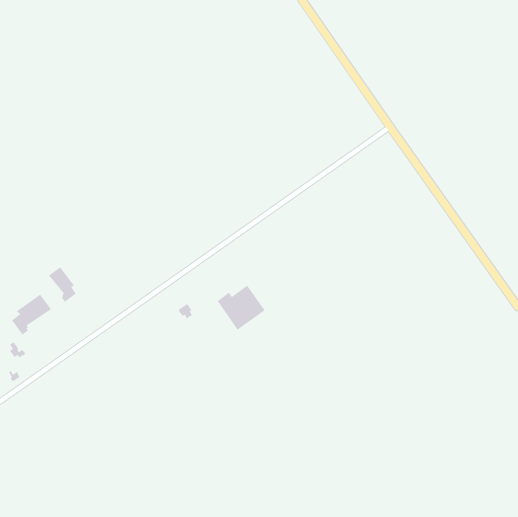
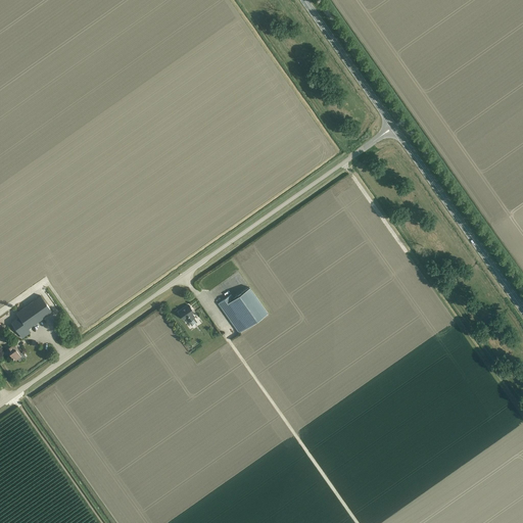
building: [48,266,77,303] -> none

